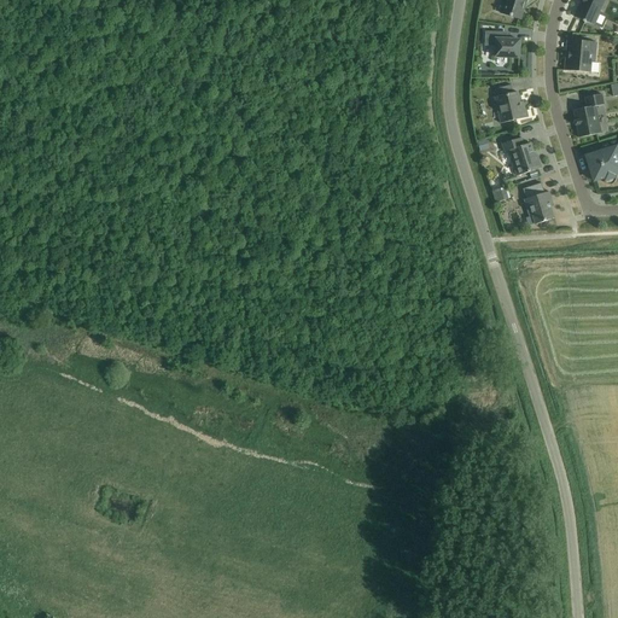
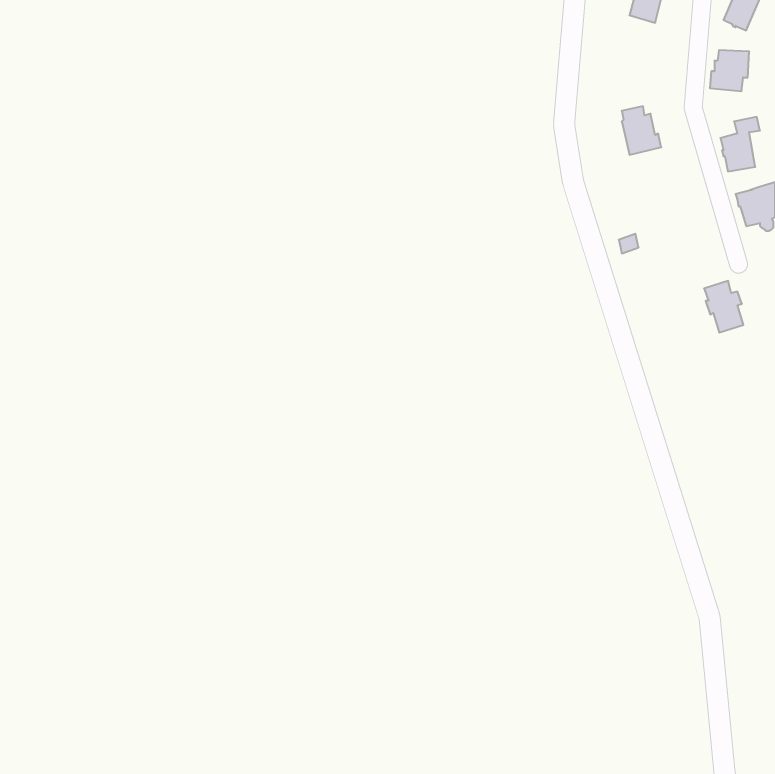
building: [485,30,520,57] -> none
building: [502,136,542,175] -> none
building: [523,182,554,223] -> [704,281,743,333]

